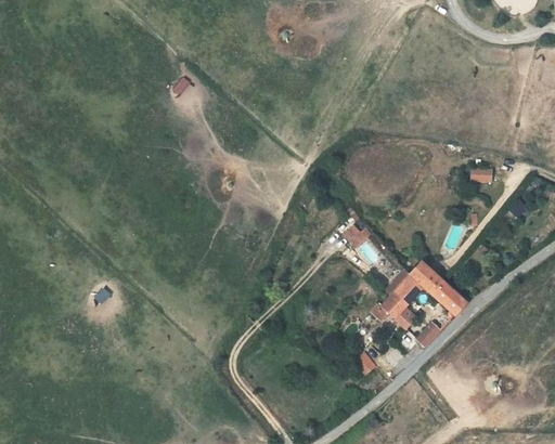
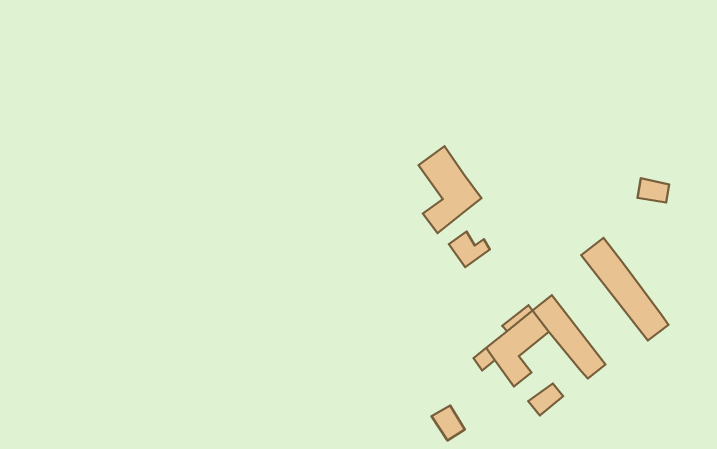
building: none -> [418,146,482,233]
building: none -> [581,238,668,341]

